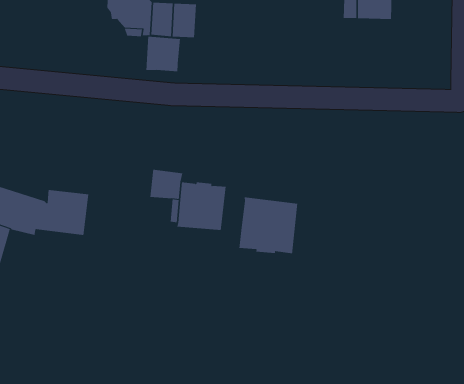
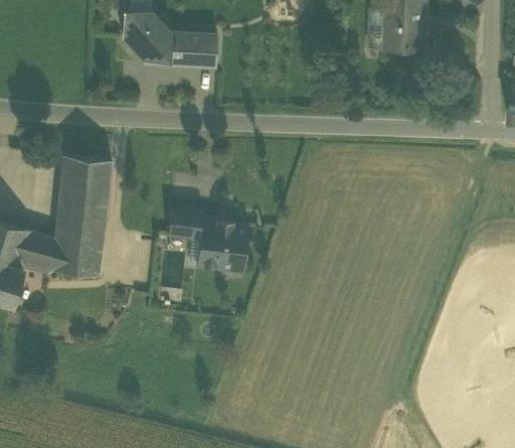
building: [146,36,181,72] -> none
building: none -> [56,155,112,233]
building: [239,196,298,254] -> none

